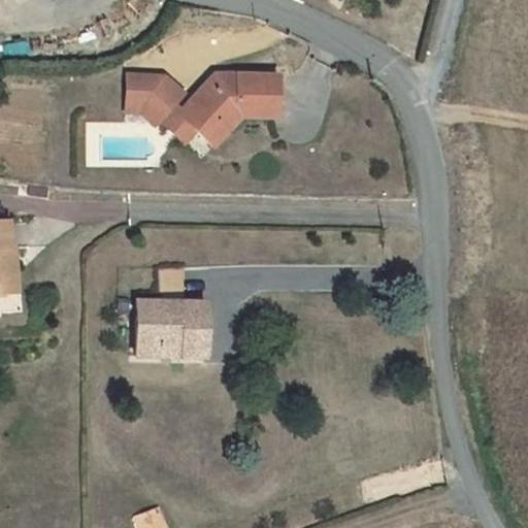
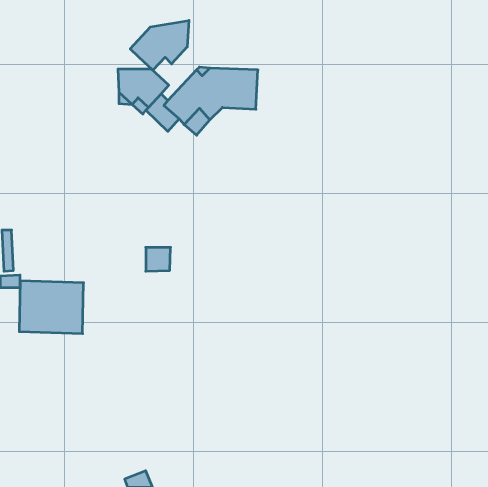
building: none -> [130,20,189,70]
building: [136,300,205,357] -> [19,281,84,334]

